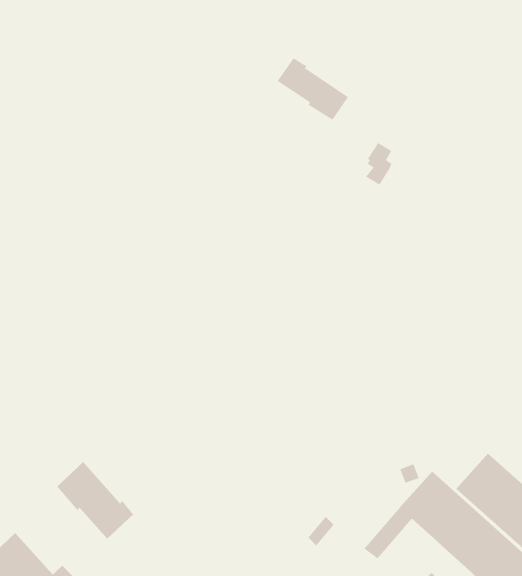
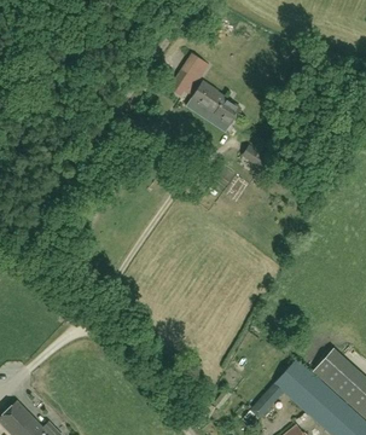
building: none -> [168,53,210,97]
building: [57,461,134,540] -> none

